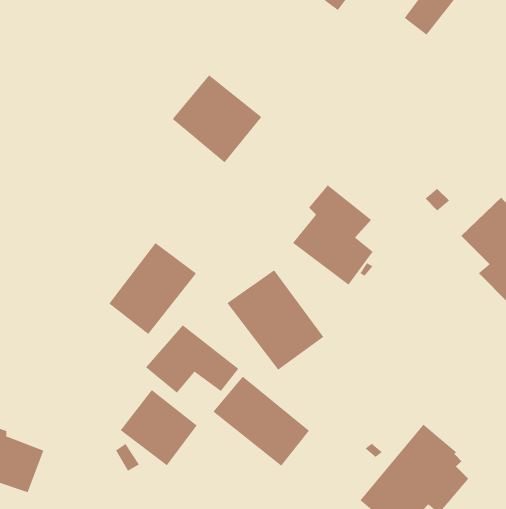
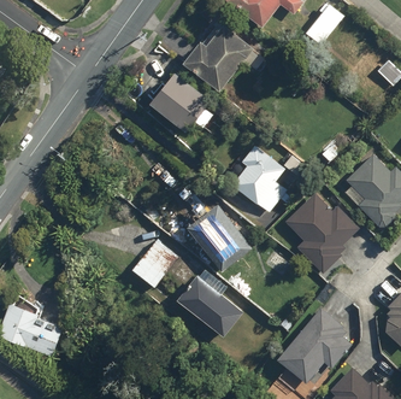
building: none -> [181,24,252,90]
building: [108,242,197,335] -> none
building: none -> [284,192,358,274]
building: [120,389,197,466] -> none

